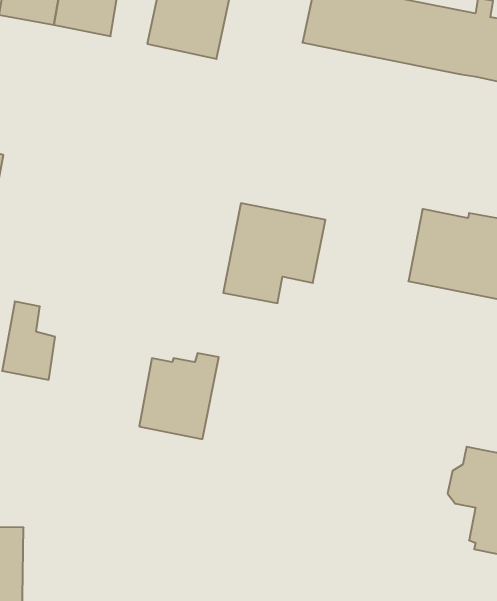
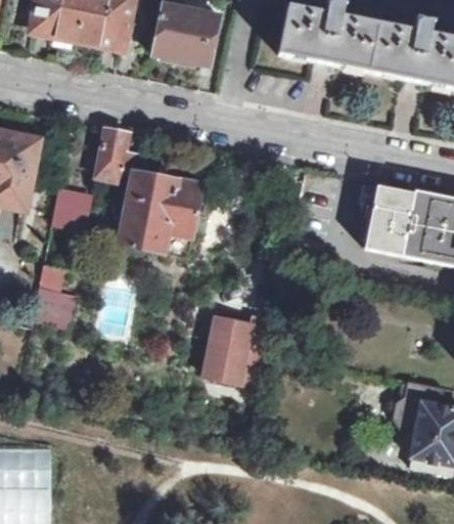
building: none -> [96,128,136,180]
building: [223,203,325,303] -> [118,171,200,252]
building: none -> [51,190,92,230]
building: [139,353,219,439] -> [205,319,269,389]

